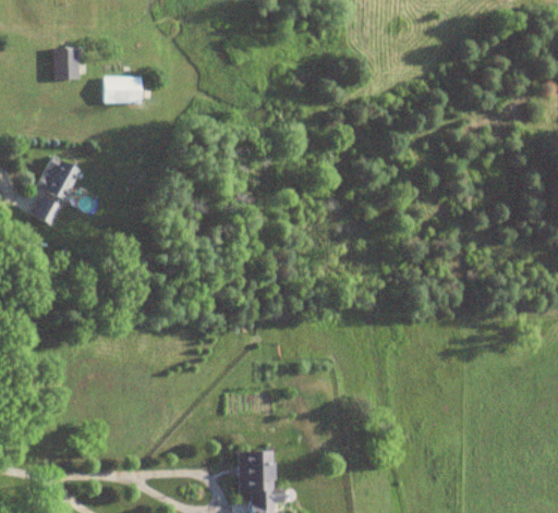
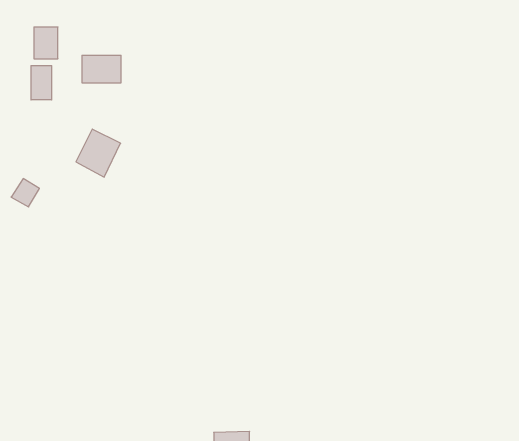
building: none -> [31,66,52,100]
building: [37,156,82,204] -> [76,129,121,177]

